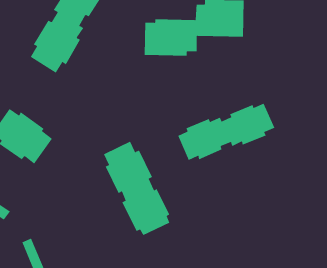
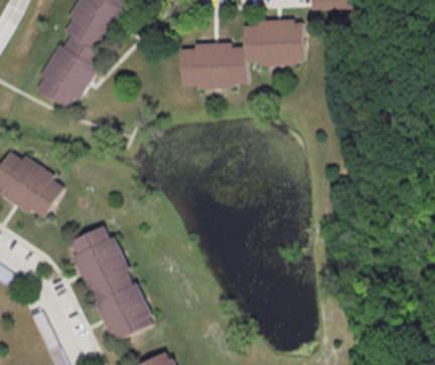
building: [177,103,275,161] -> none
building: [103,141,170,236] -> [66,223,148,339]

